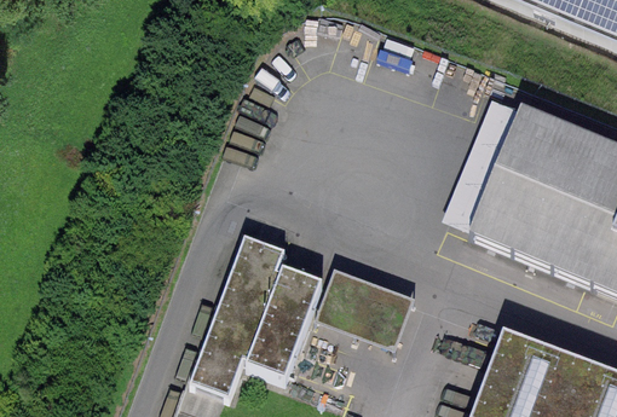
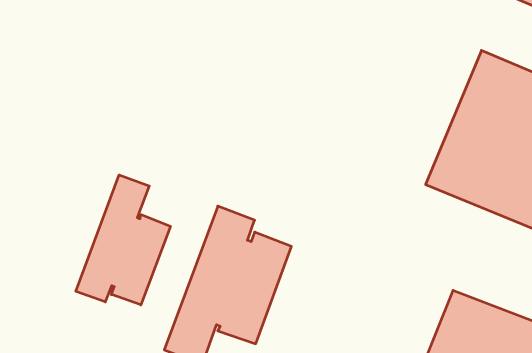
building: none -> [76,175,170,305]
building: [318,271,415,349] -> none

